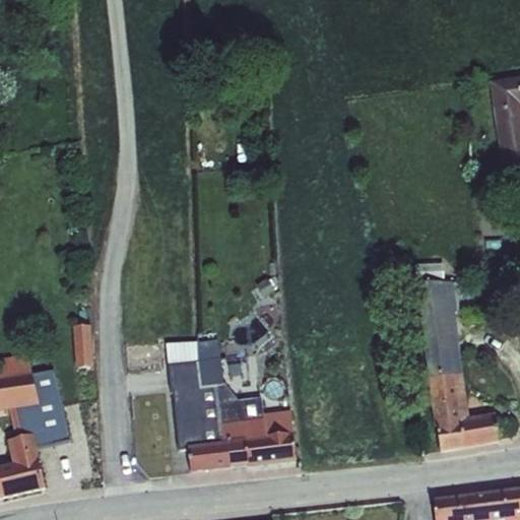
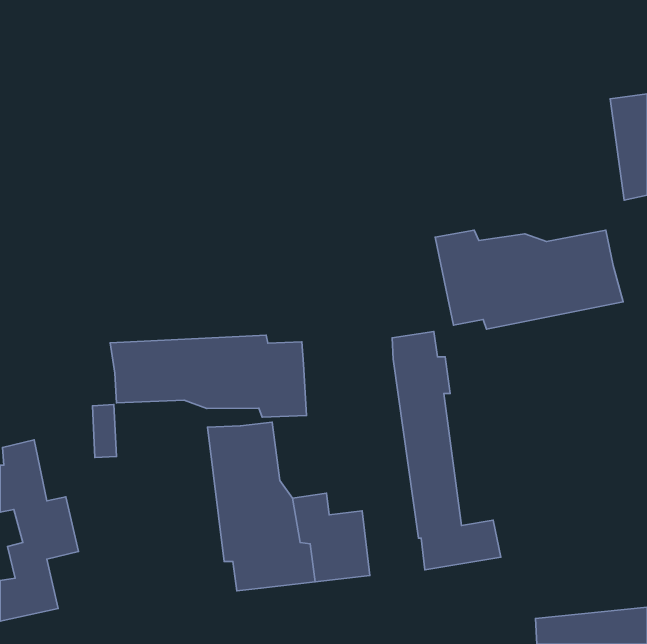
building: none -> [435,230,623,329]
building: [413,260,501,451] -> [392,331,501,570]
building: none -> [110,335,306,417]

